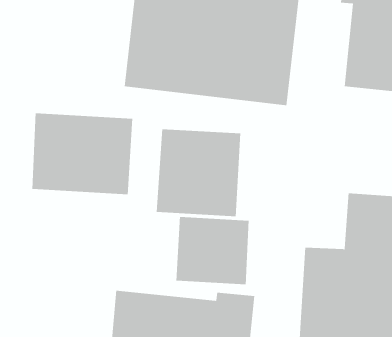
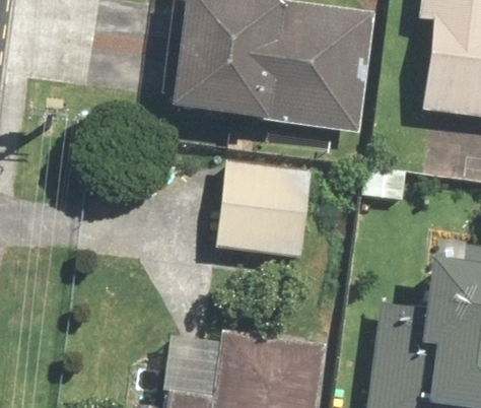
building: [32,113,133,195] -> none
building: [176,216,249,285] -> none

